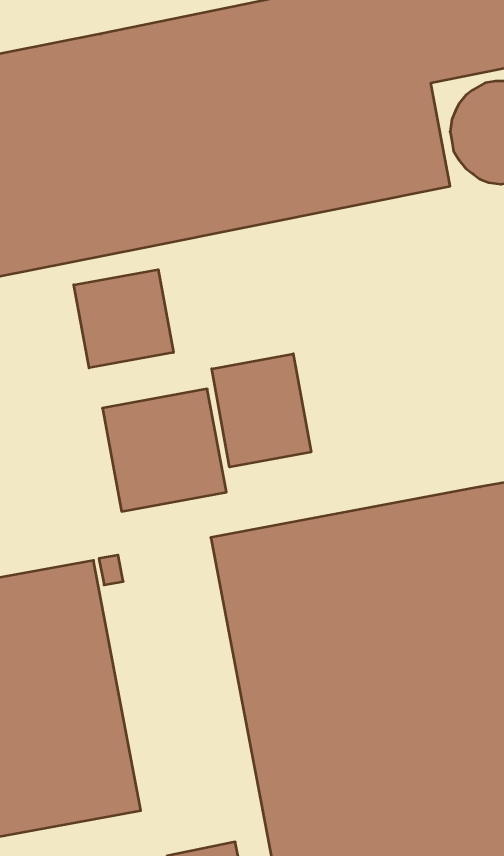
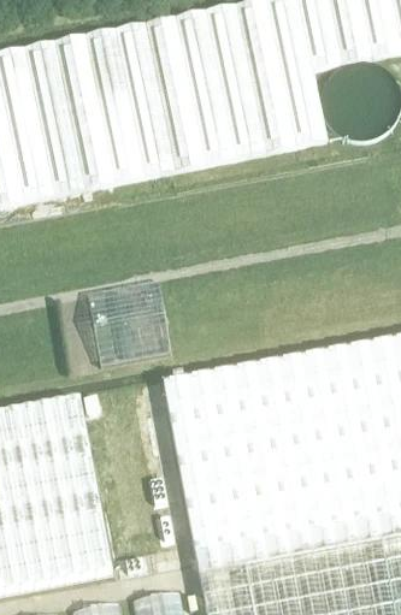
building: [74,270,173,368] -> none
building: [212,354,311,467] -> none

